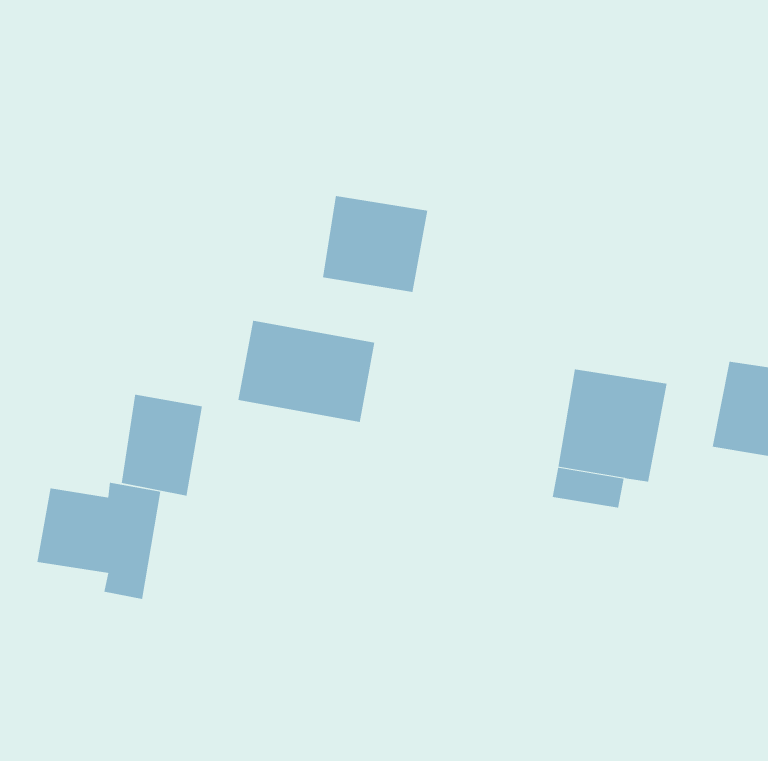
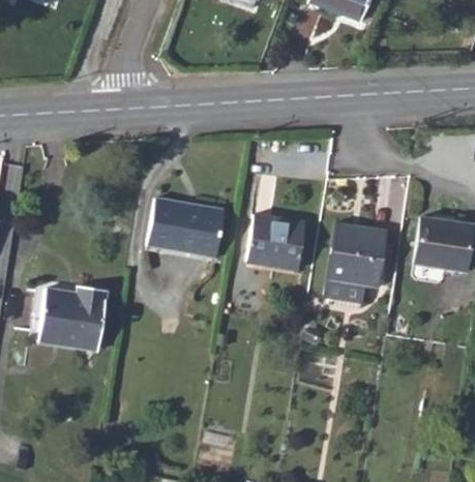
building: [322,196,428,292] -> [246,215,305,269]
building: [121,394,202,497] -> none

